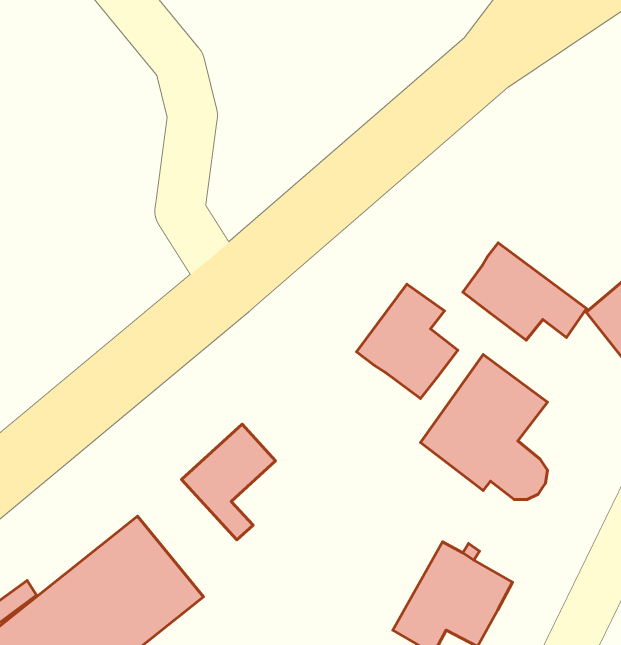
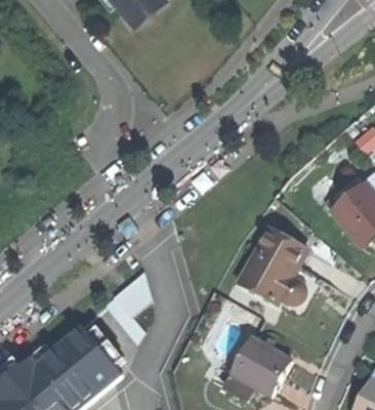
building: [463,243,587,340] -> none
building: [356,284,458,398] -> none

